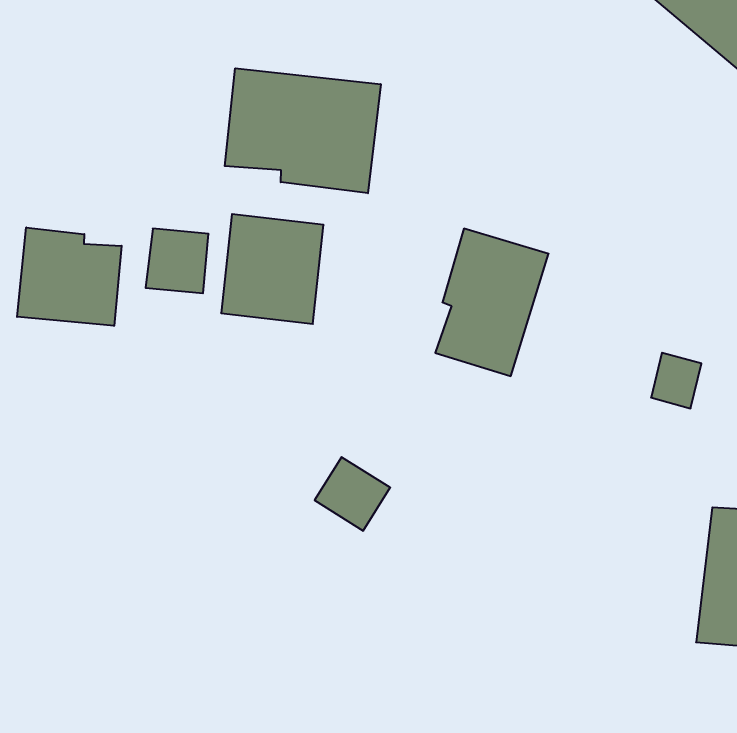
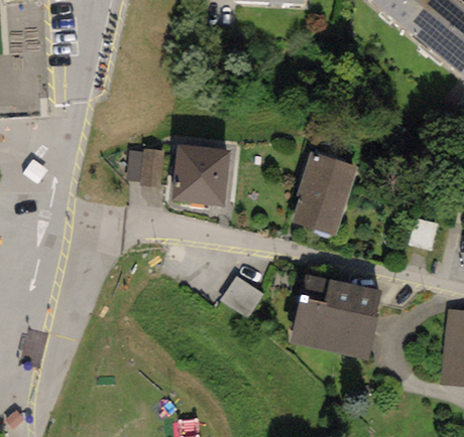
building: [225,68,381,193] -> none
building: [17,227,122,326] -> none
building: none -> [288,273,380,360]

